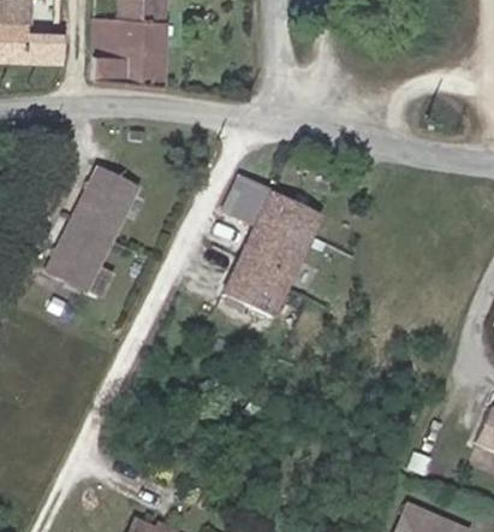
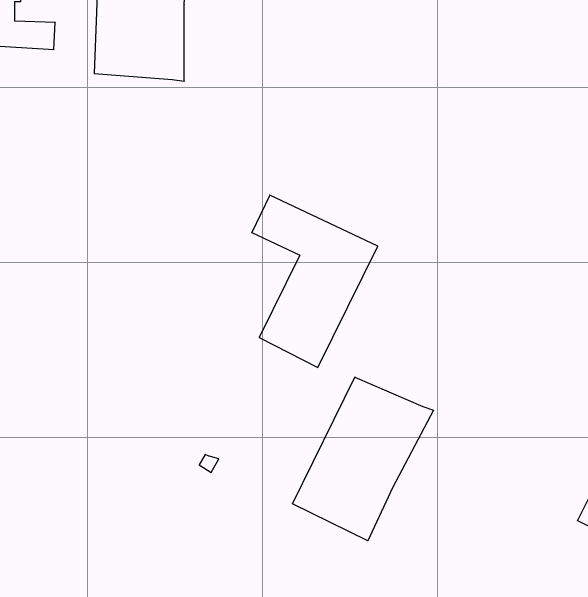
building: [48,164,137,285] -> none
building: none -> [293,377,434,541]

